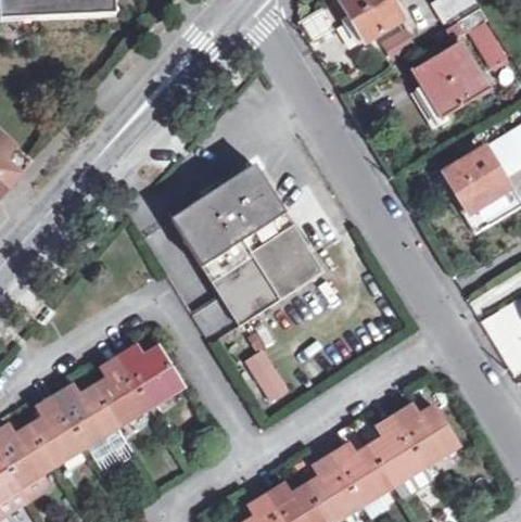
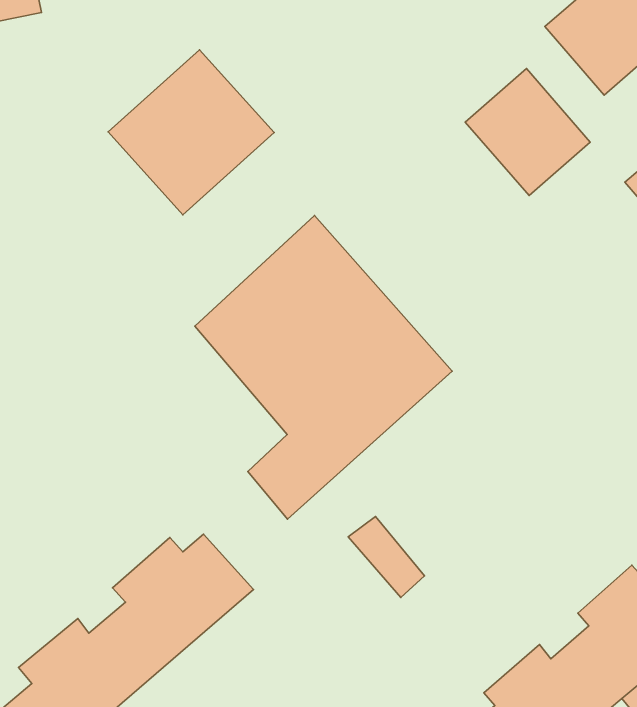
building: none -> [108,50,274,215]
building: none -> [465,69,590,196]

